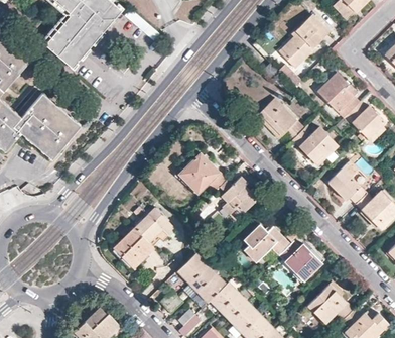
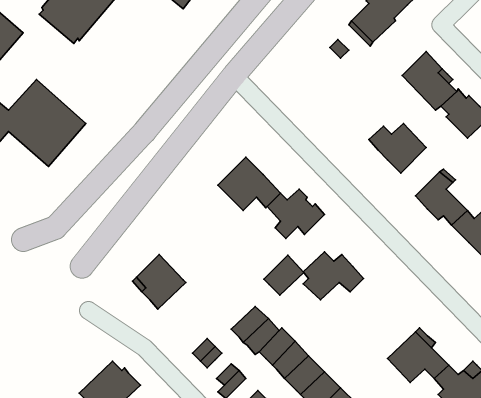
building: [257,98,304,139] -> none
building: [135,207,176,245] -> none
building: [279,240,321,280] -> none
building: [177,252,208,283] -> [264,255,304,295]

